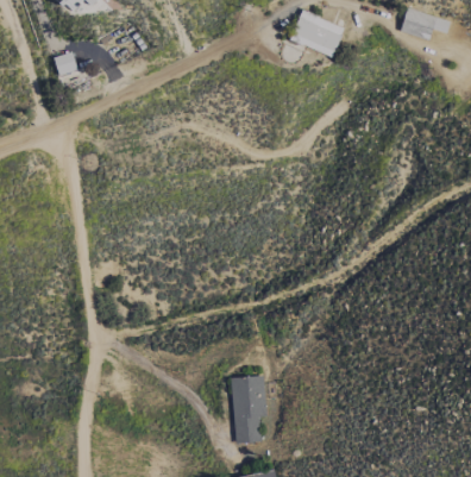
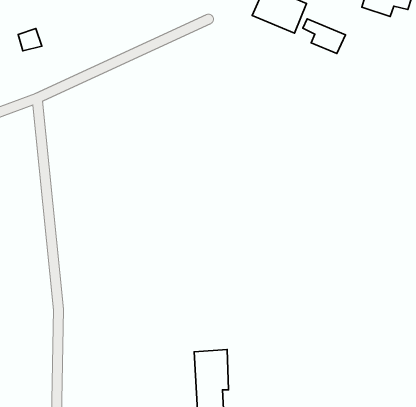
building: none -> [303,19,345,53]

